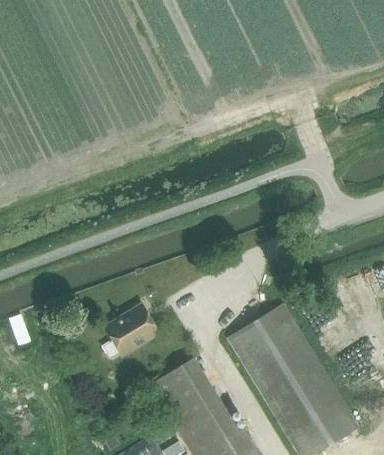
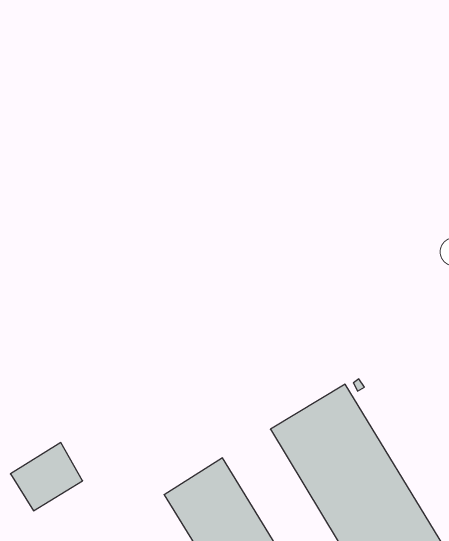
building: [105,304,158,354] -> [10,443,83,511]

